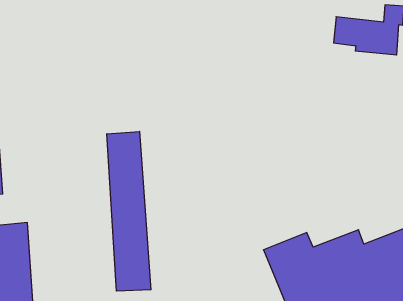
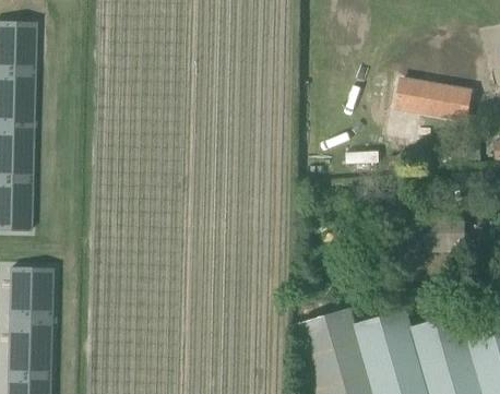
building: [107,131,151,291] -> none

